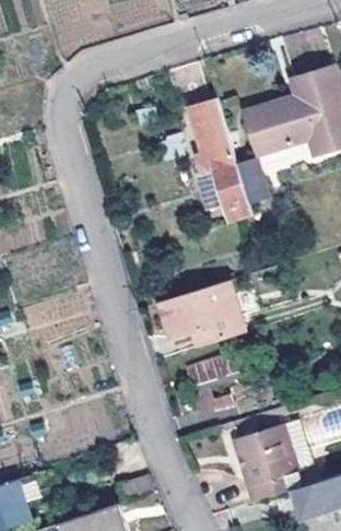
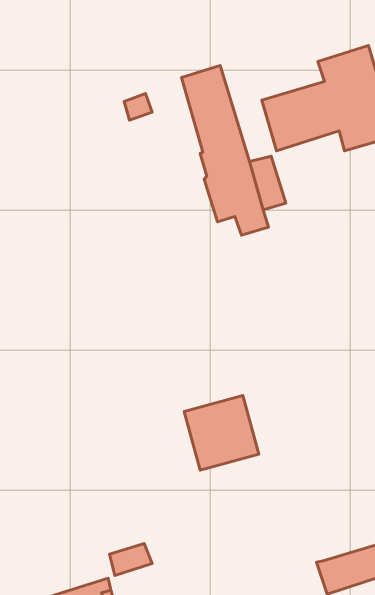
building: [157,280,244,347] -> none
building: [233,423,309,502] -> none

